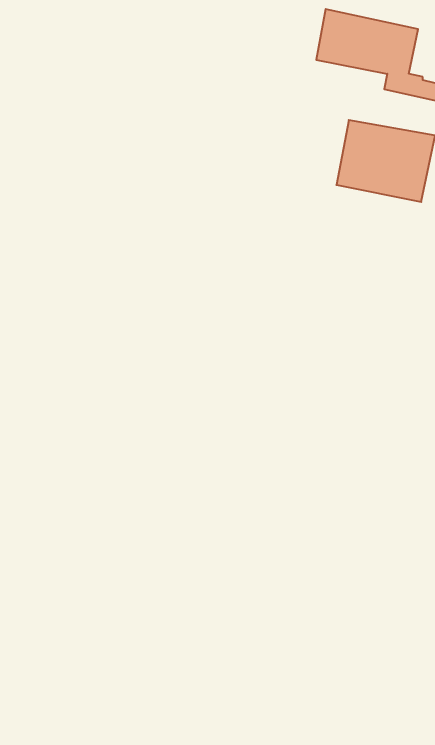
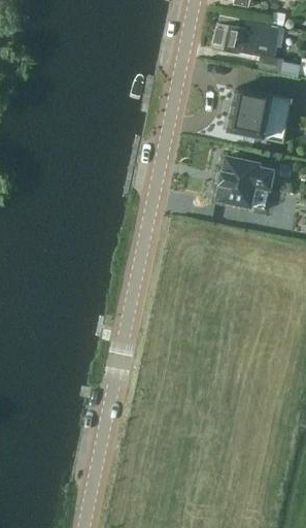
building: none -> [216,158,273,209]

